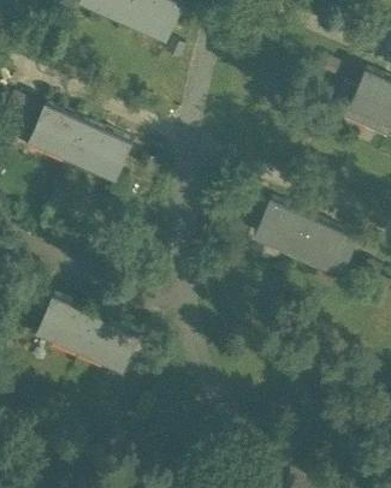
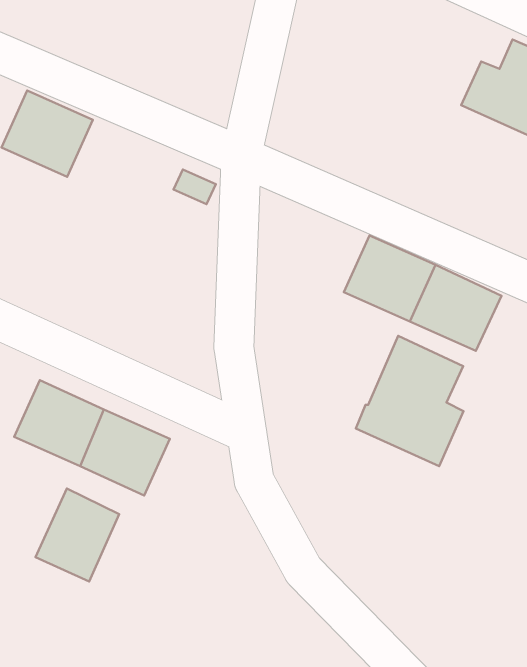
building: [71,124,131,180] -> none
building: none -> [356,336,464,466]
building: none -> [35,489,119,581]

